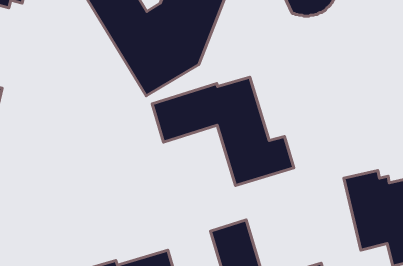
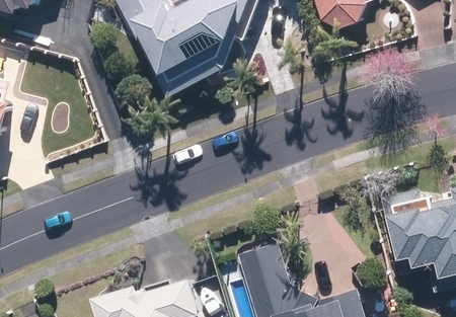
building: [152,77,294,185] -> none

